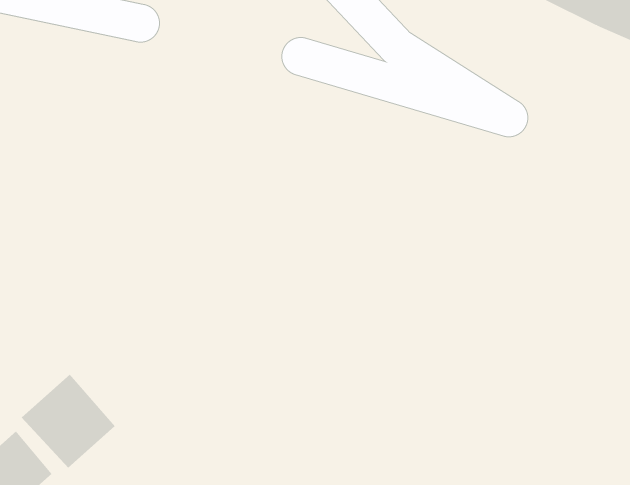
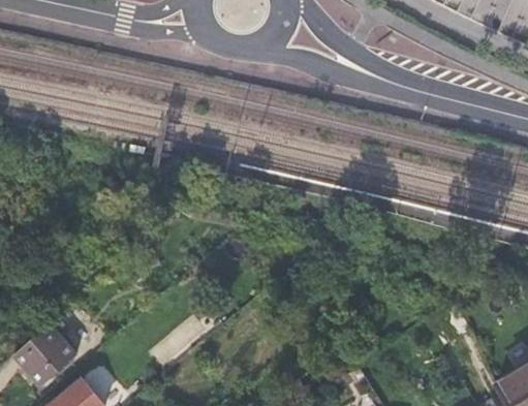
building: [21,374,115,469] -> none

